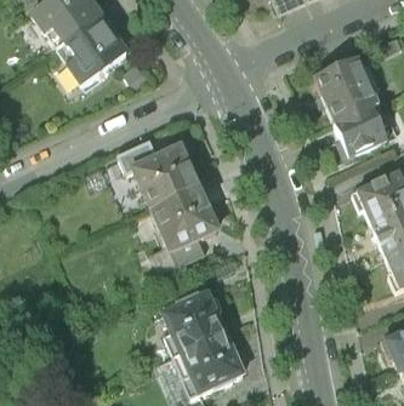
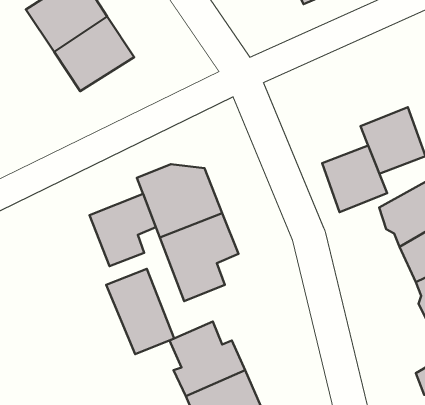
building: [314,58,372,118] -> [322,146,387,212]
building: none -> [90,194,156,266]
building: none -> [106,269,174,354]

